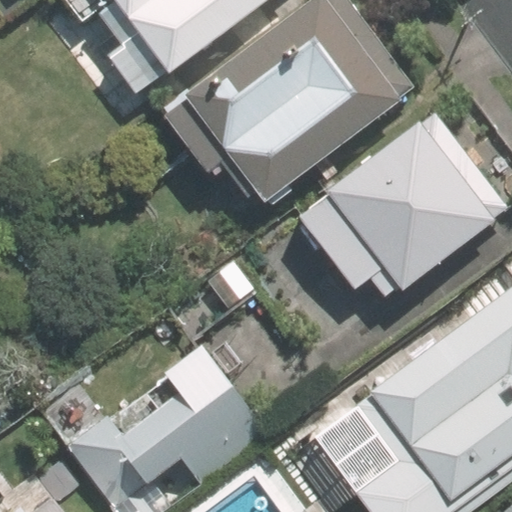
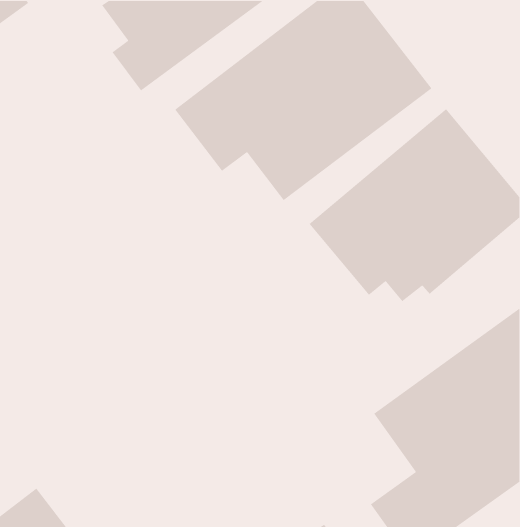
building: [70,344,277,507] -> none

